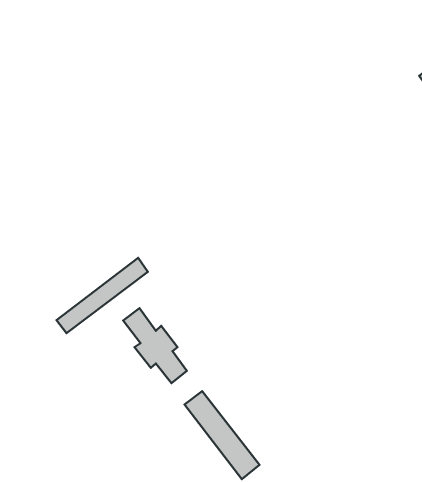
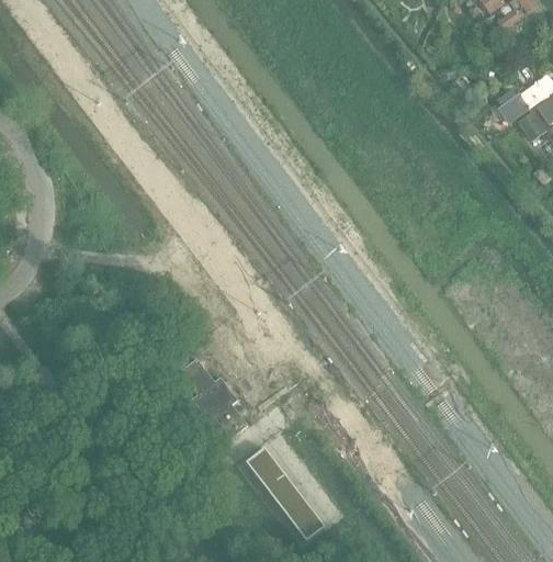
building: [56,258,148,333] -> none

